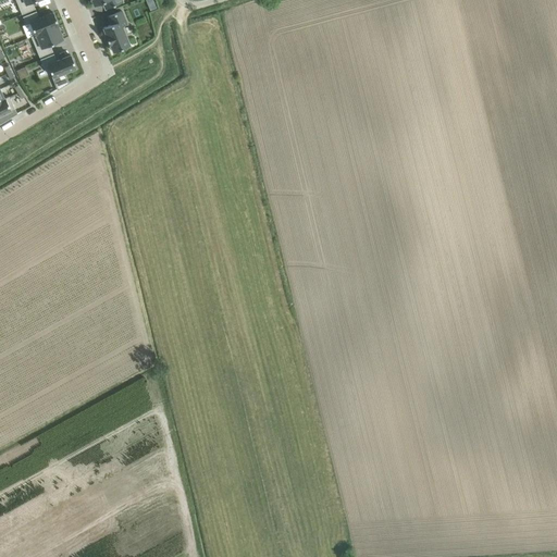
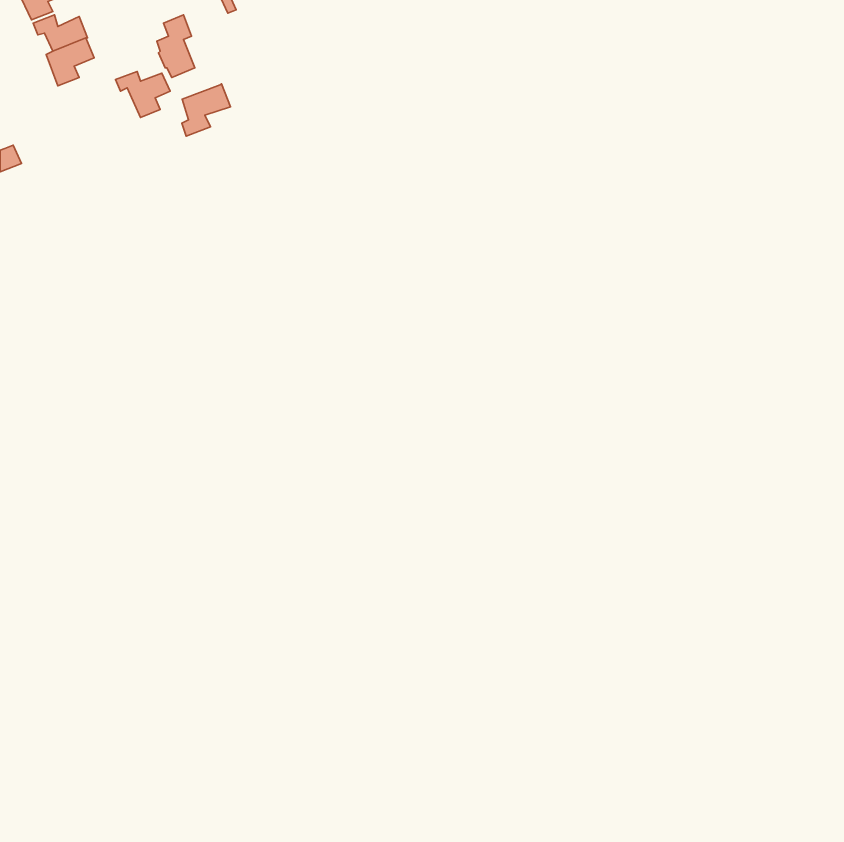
building: [39,53,75,84] -> [116,71,170,118]
building: none -> [182,84,231,136]

